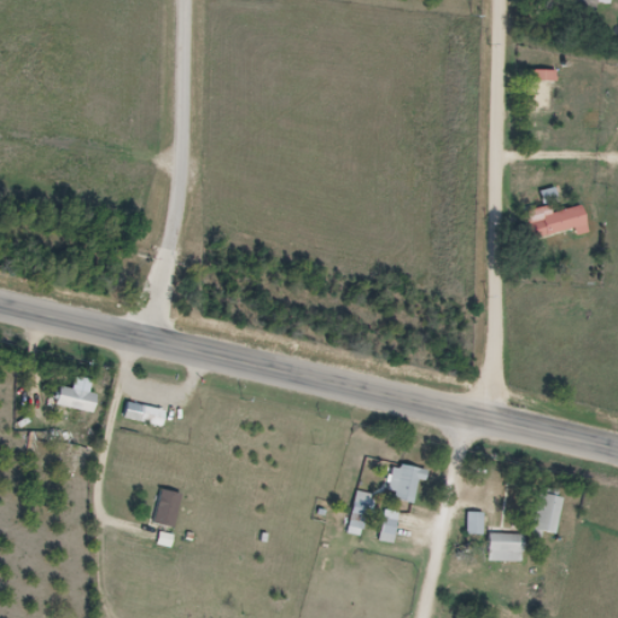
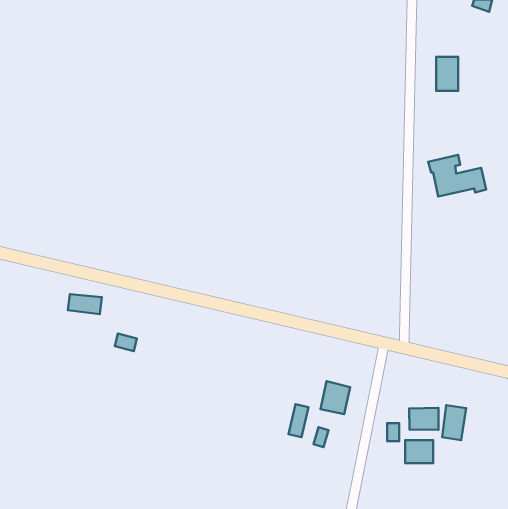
building: [57,386,98,410] -> [68,294,102,314]
building: [153,488,180,526] -> none
building: none -> [409,408,439,430]

